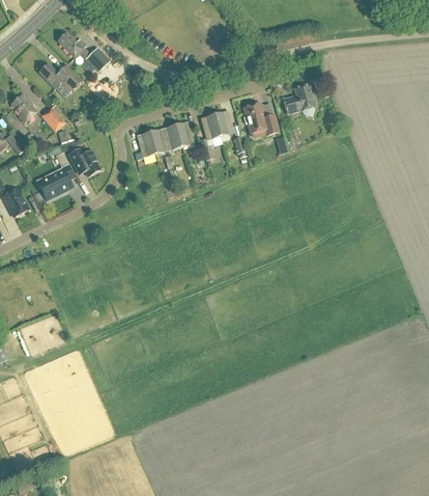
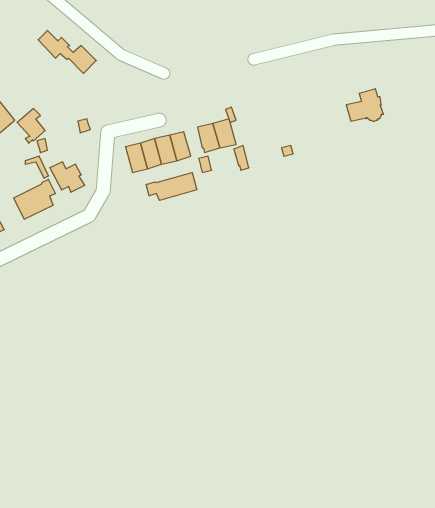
building: [37,62,80,88] -> none
building: [282,84,315,113] -> [346,89,384,121]
building: [242,103,278,135] -> none
building: none -> [146,173,197,200]

